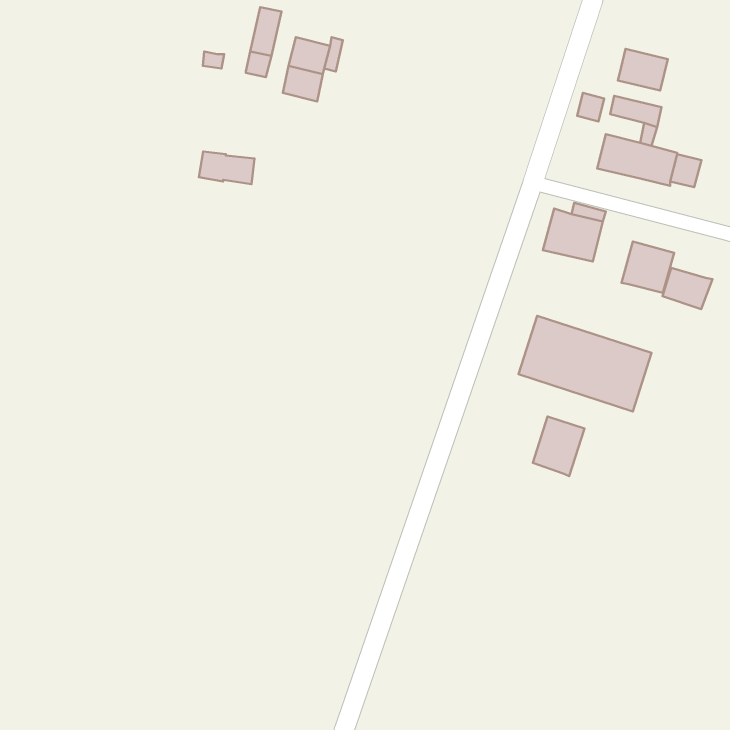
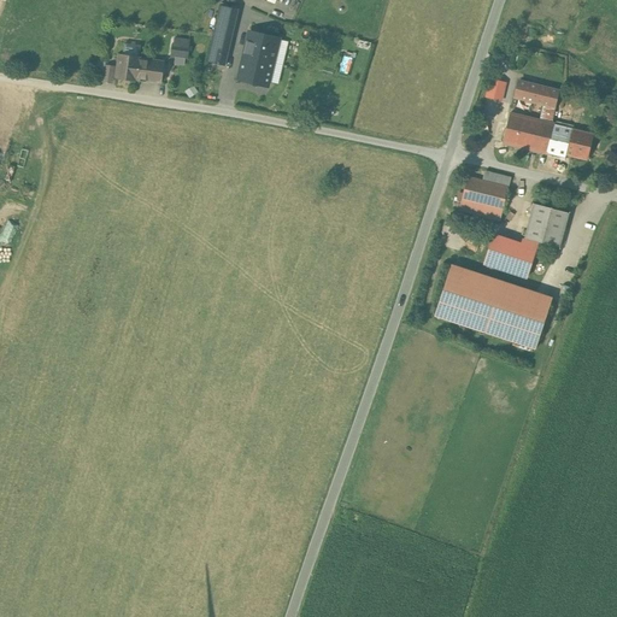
building: [618,49,668,91] -> none
building: [199,151,255,184] -> [116,55,163,83]
building: [663,268,713,309] -> [488,230,530,265]
building: [533,416,585,476] -> none

